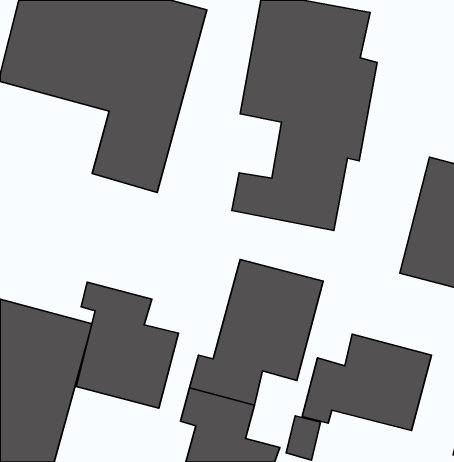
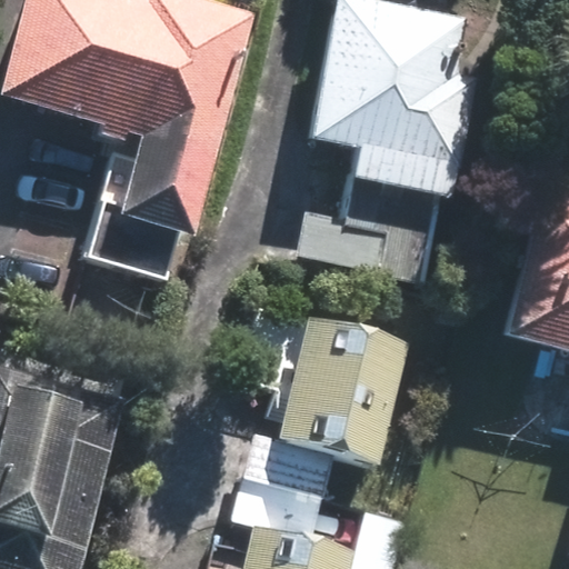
building: [76,282,179,408] -> none
building: [302,334,432,430] -> none

